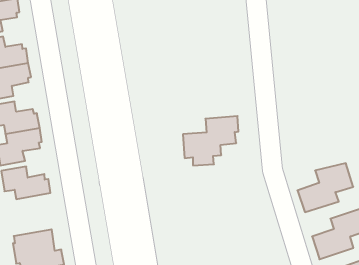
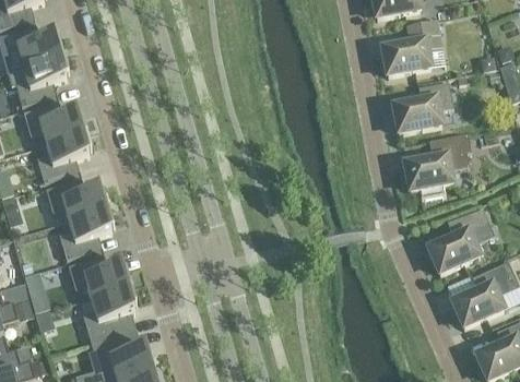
building: none -> [381,20,441,75]
building: none -> [392,82,452,133]
building: [183,116,238,165] -> [403,133,470,199]
building: none -> [82,285,137,343]

